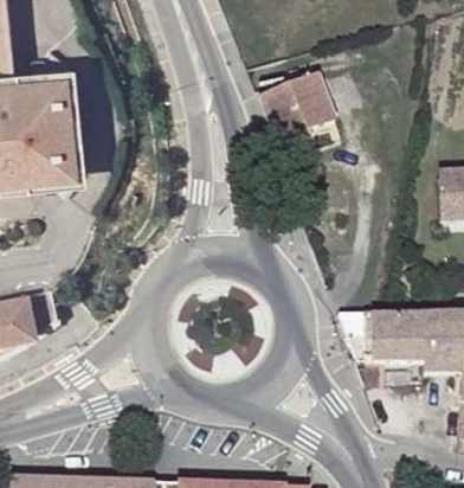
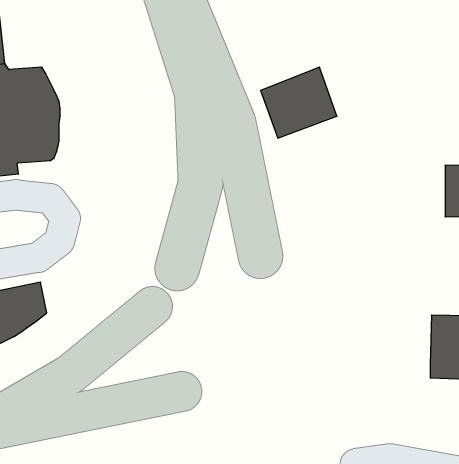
building: [15,72,78,184] -> none
building: [340,317,426,367] -> none

